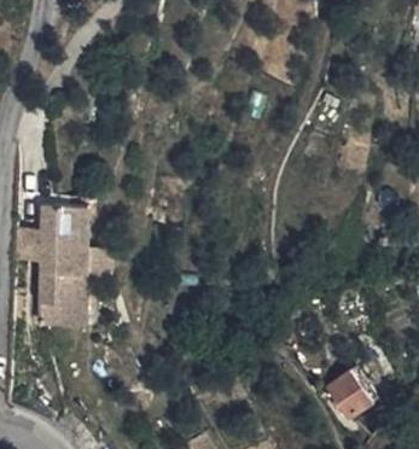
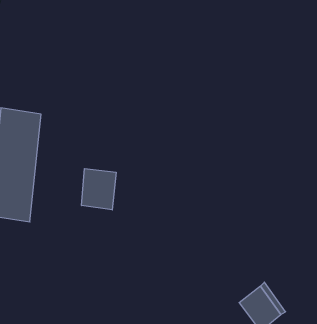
building: none -> [82,169,116,210]

